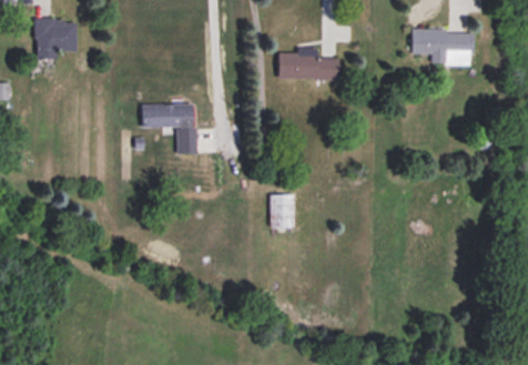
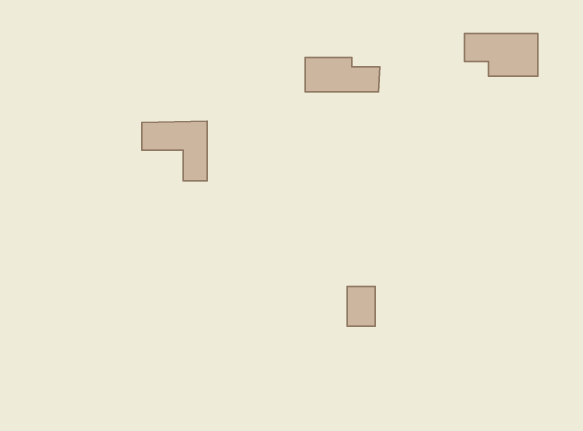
building: [34,19,77,59] -> none
building: [271,194,294,227] -> [347,286,375,326]

